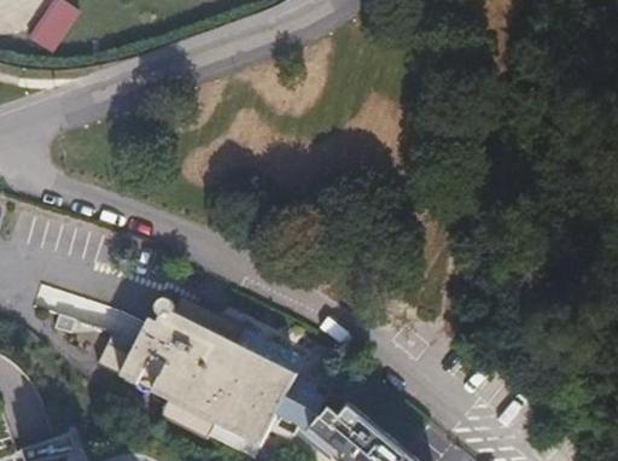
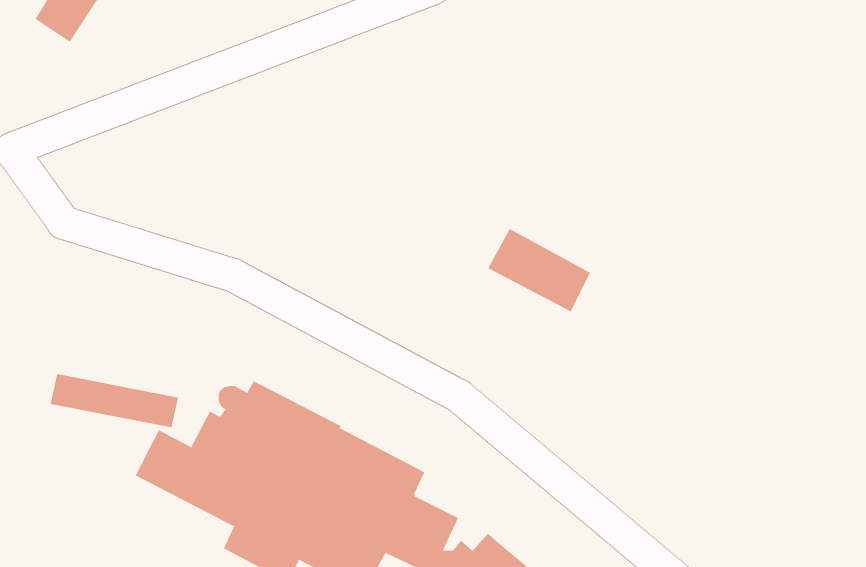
building: none -> [488,228,591,312]

